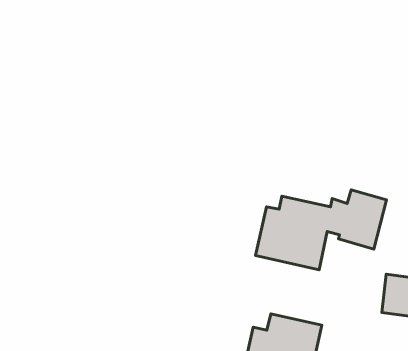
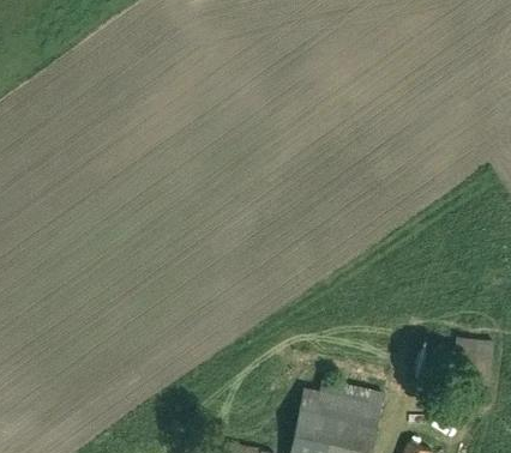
building: [256,190,386,270] -> none

